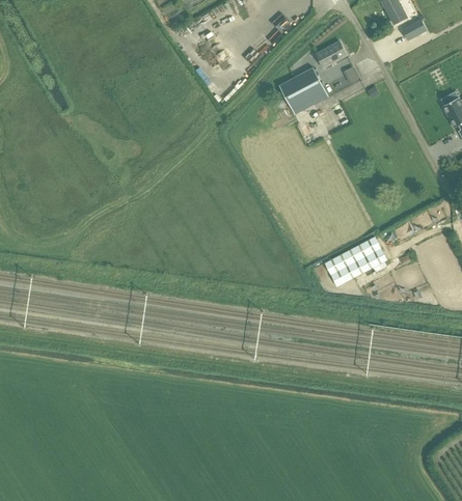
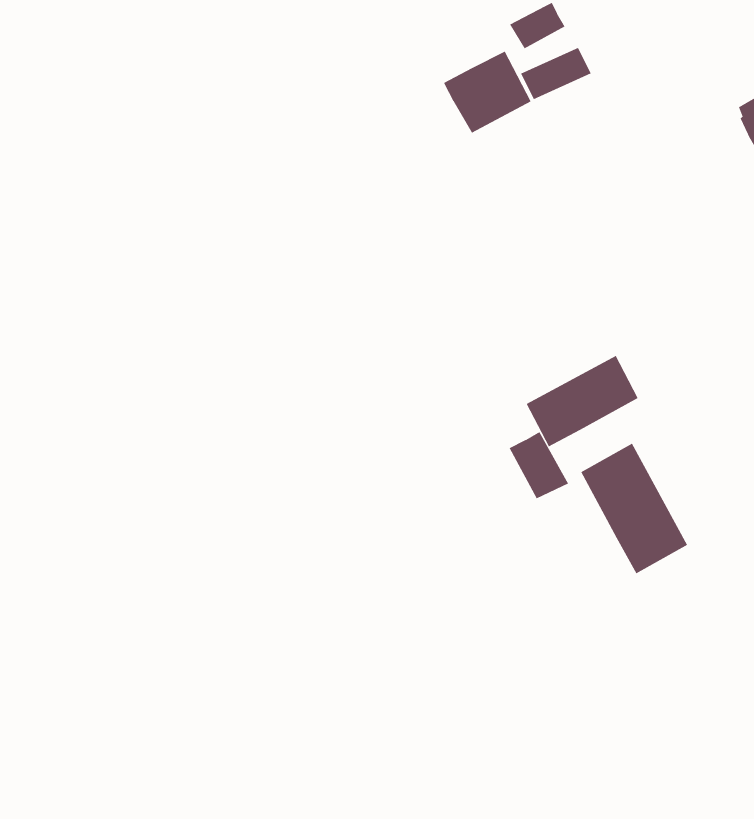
building: none -> [509,431,569,499]
building: none -> [581,443,688,574]

